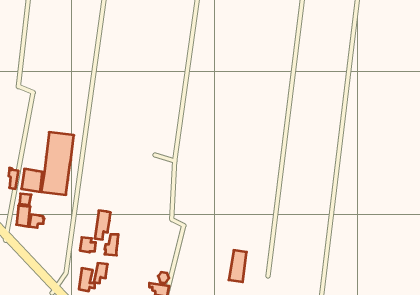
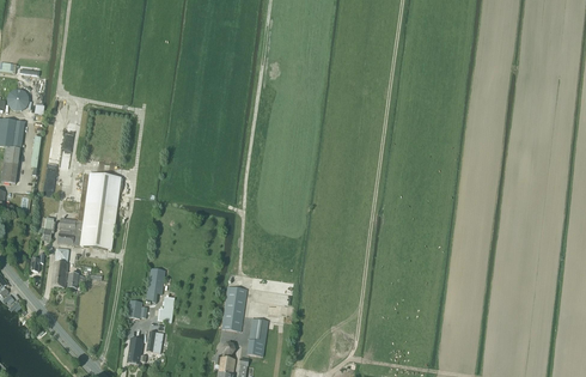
building: none -> [220,285,245,330]
building: [229,250,247,282] -> [245,317,267,355]

